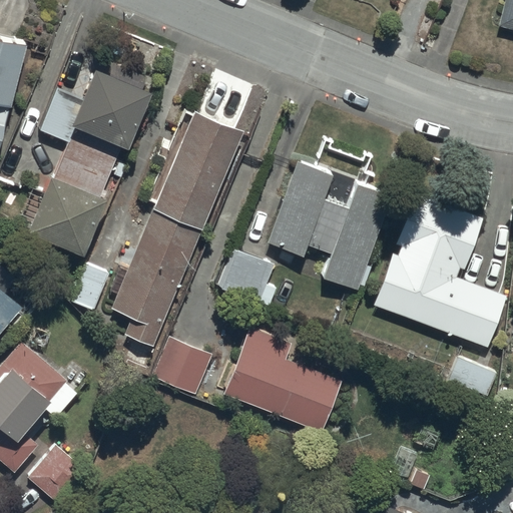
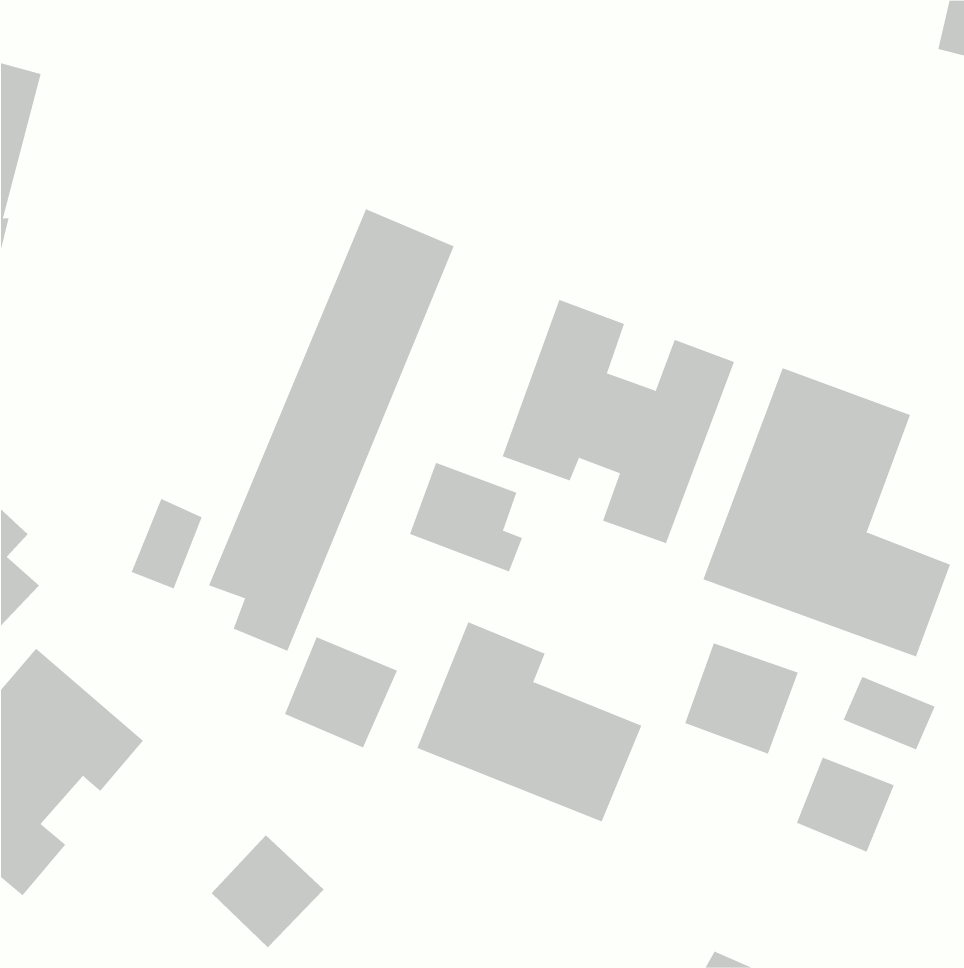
building: [19,63,148,262] -> none
building: none -> [685,643,798,755]
building: none -> [796,757,894,852]
building: [28,447,88,507] -> [211,834,325,948]

